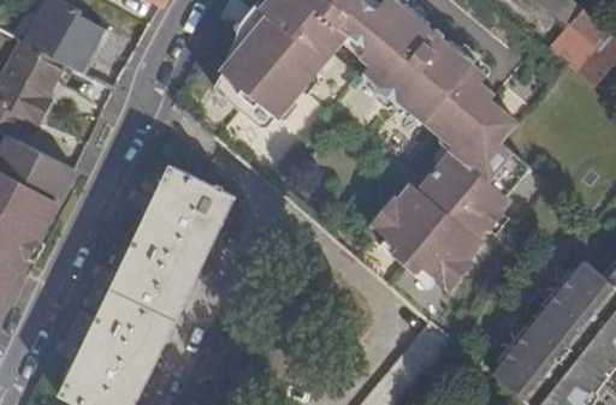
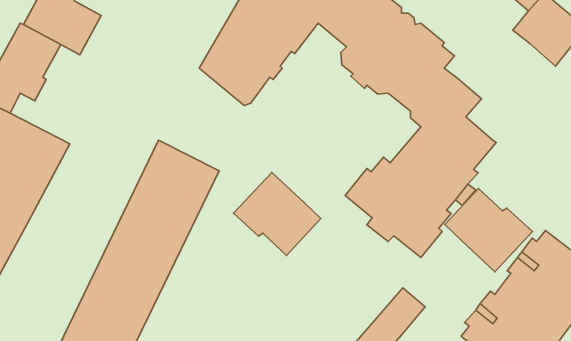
building: none -> [233,172,321,255]
building: none -> [445,188,533,272]

